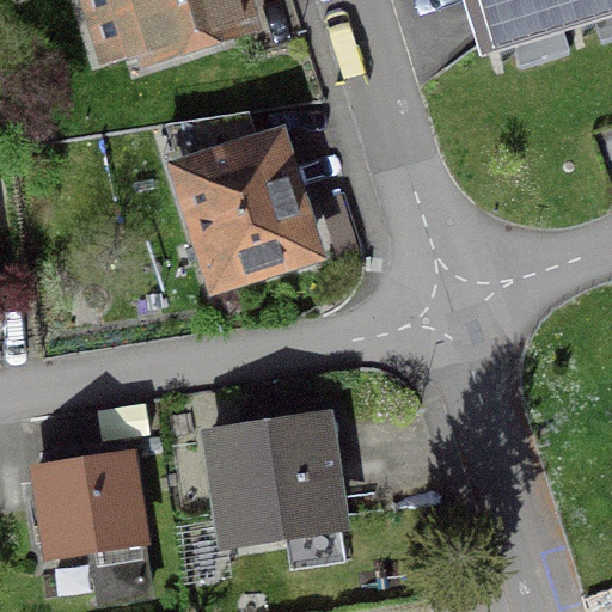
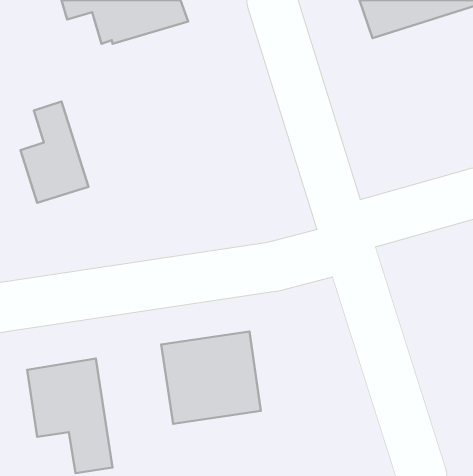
building: [169,121,310,286] -> none
building: none -> [21,102,89,203]

